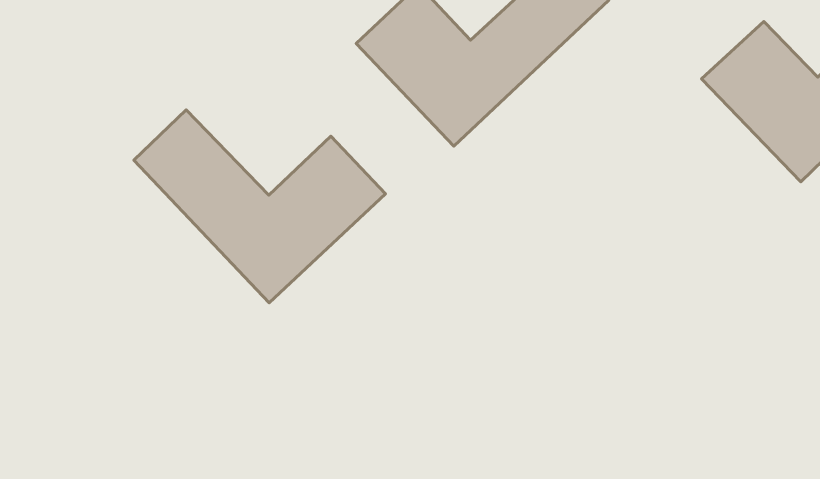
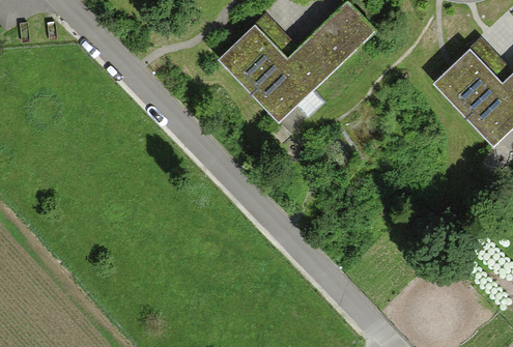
building: [134,110,385,303] -> none

